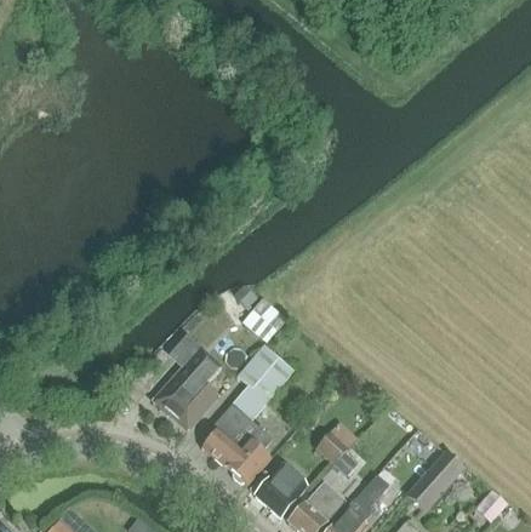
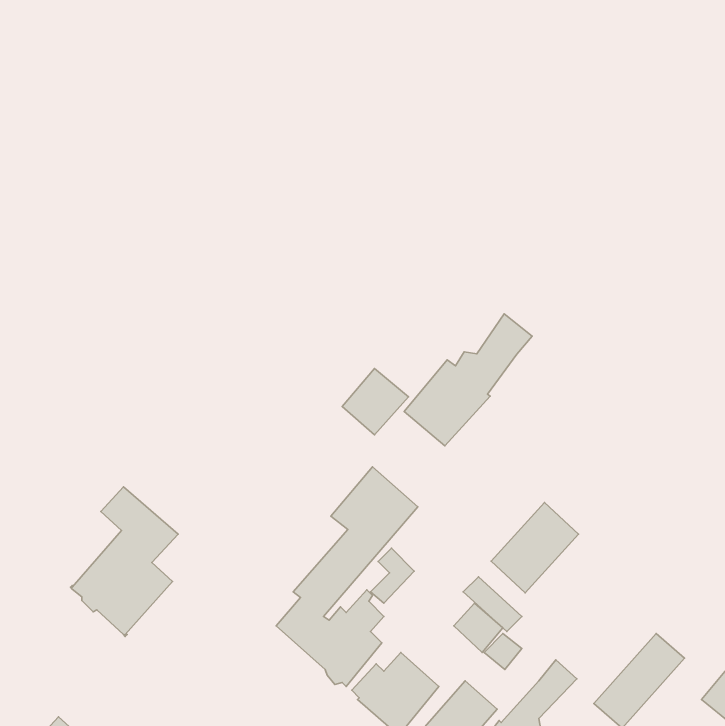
building: none -> [404,314,532,446]
building: [152,337,221,433] -> [70,487,178,636]
building: none -> [491,503,579,593]

